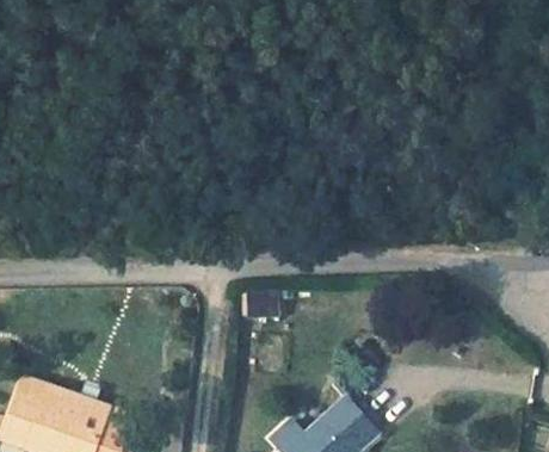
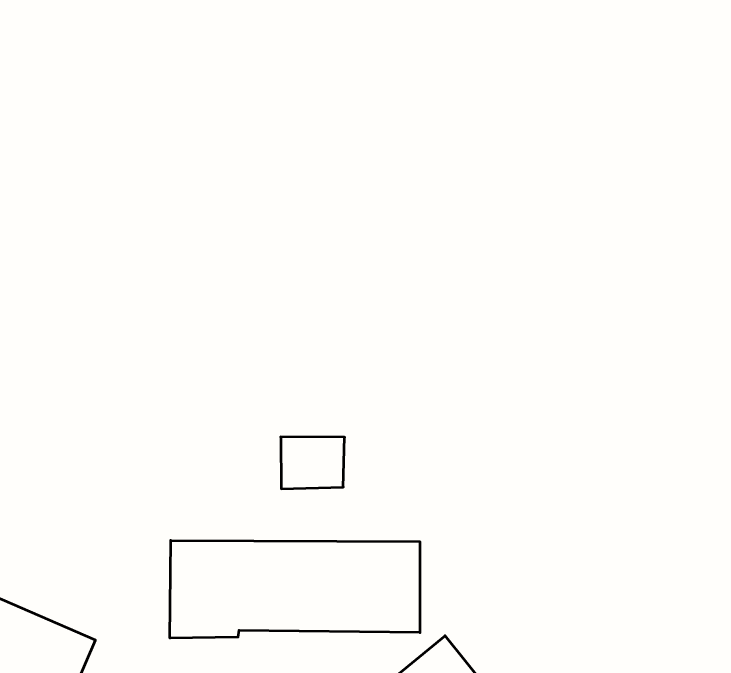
building: none -> [170,540,420,638]

